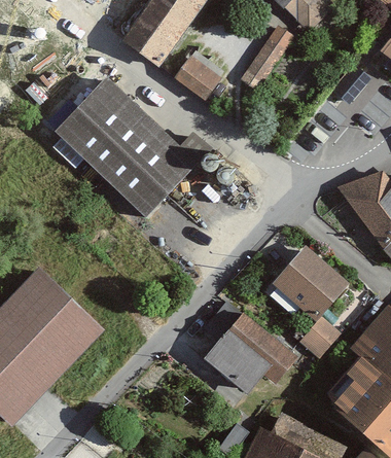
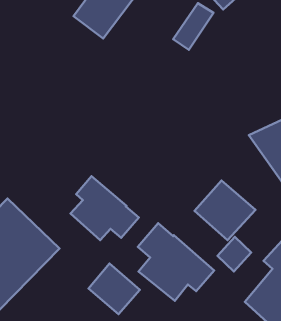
building: [174,52,224,102] -> none
building: [55,77,198,219] -> none
building: none -> [70,176,139,240]
building: none -> [89,263,140,314]

